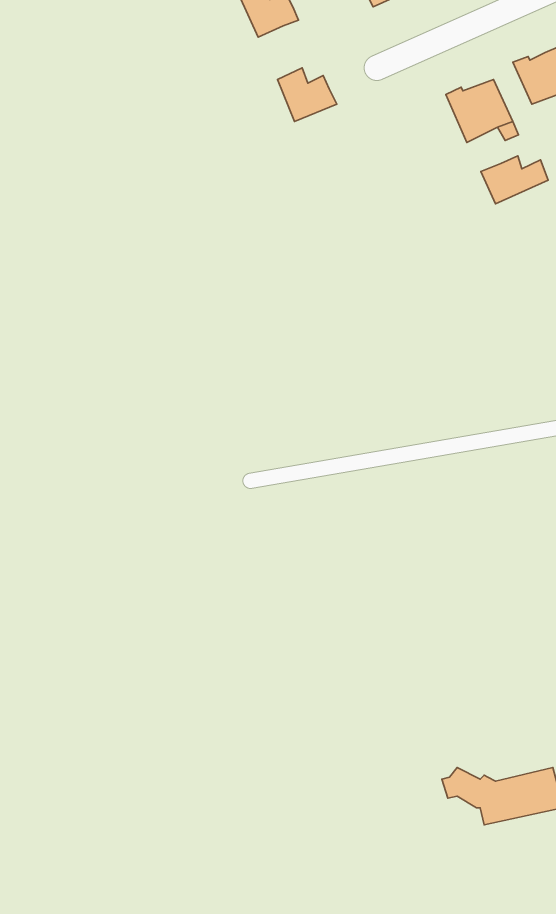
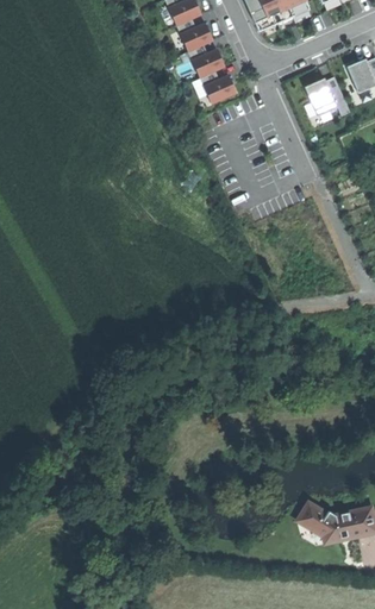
building: none -> [188,44,225,77]
building: [481,156,548,204] -> none

